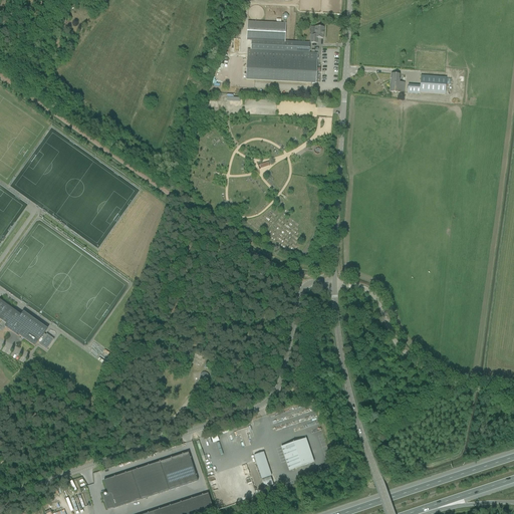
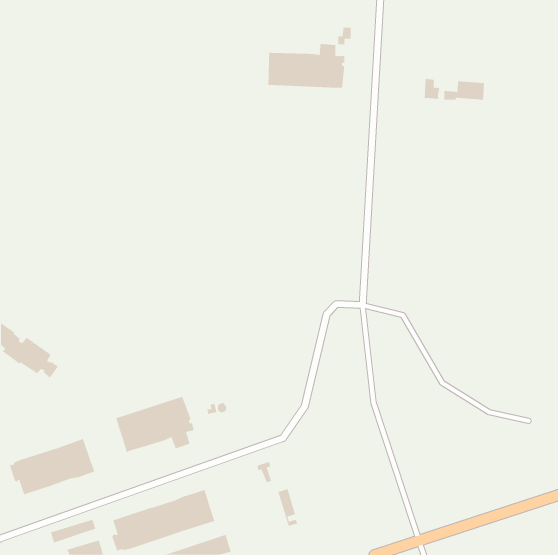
building: [246,20,286,49] -> none
building: none -> [116,396,195,454]
building: none -> [9,438,95,495]
building: [281,437,313,469] -> none

